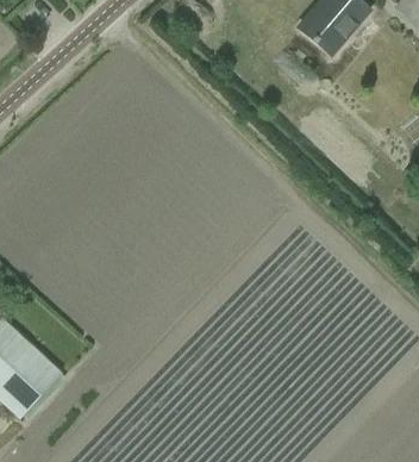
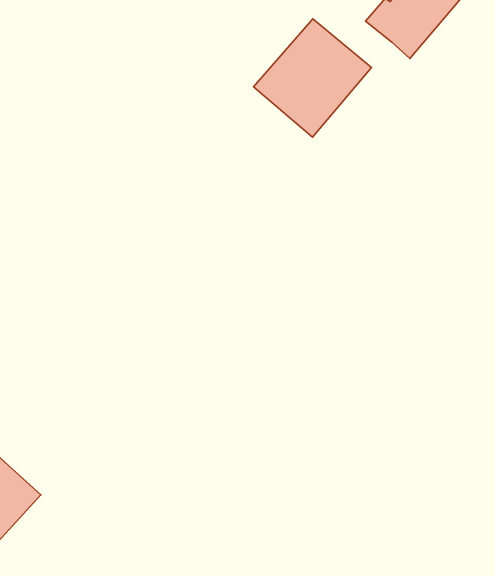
building: none -> [253,19,372,137]

